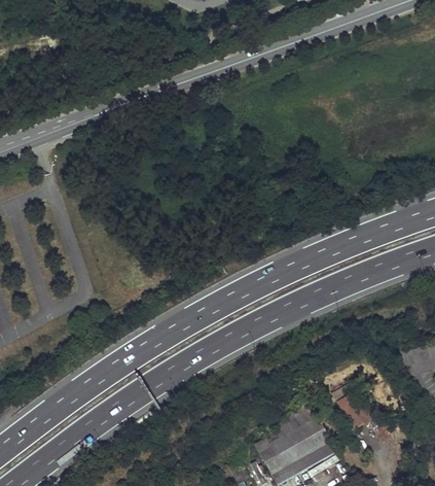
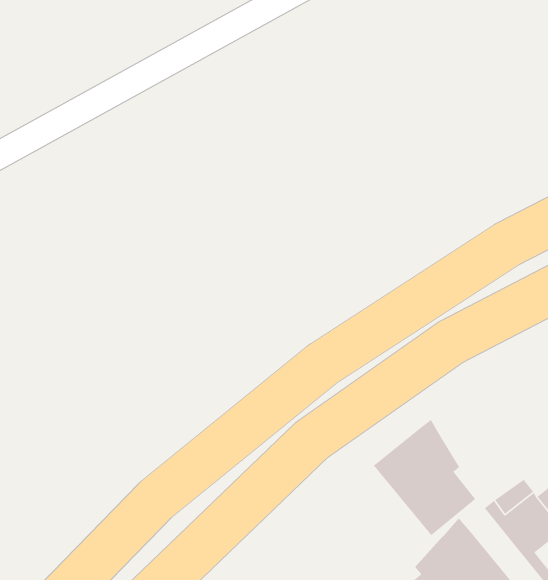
building: none -> [373,419,476,536]

